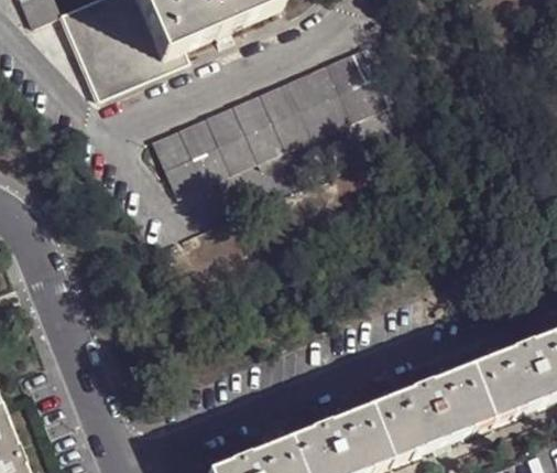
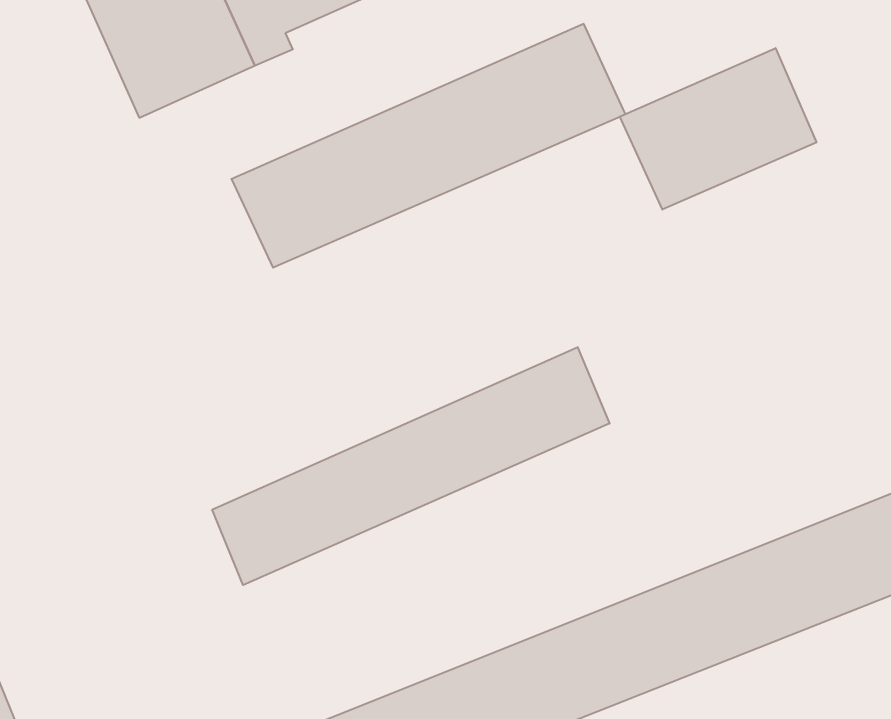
building: none -> [620,48,816,210]
building: none -> [212,347,610,585]

